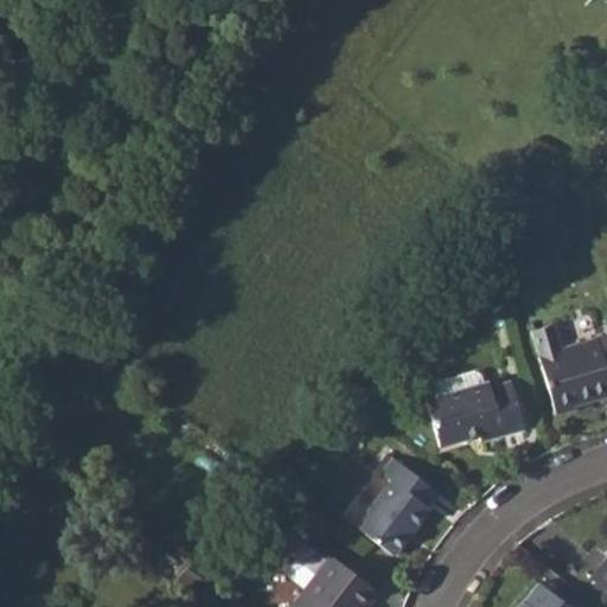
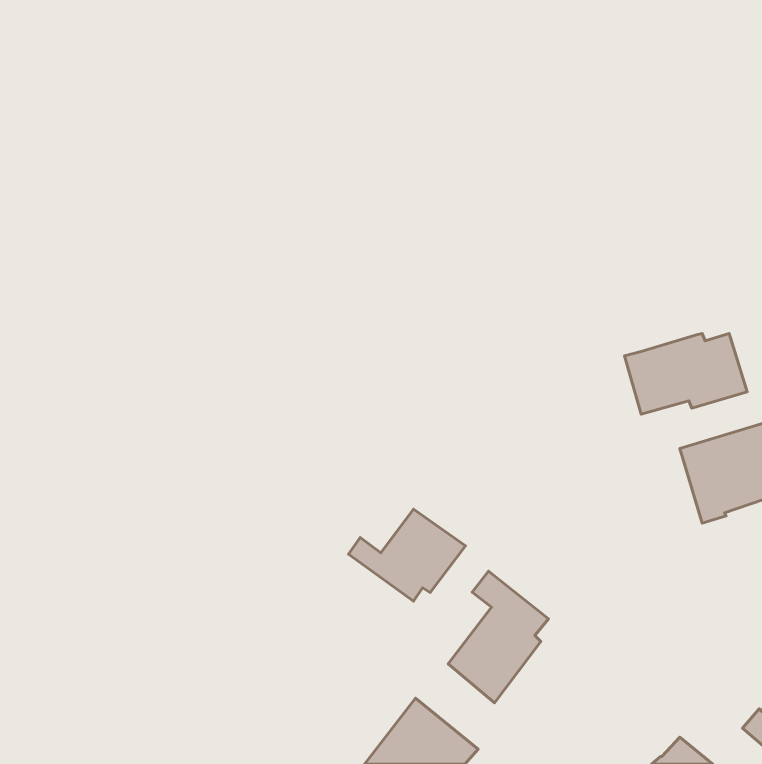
building: [427,382,524,446] -> [625,333,747,414]
building: none -> [348,509,466,601]

